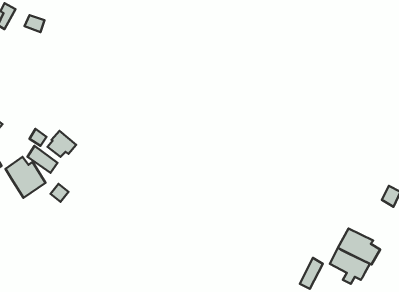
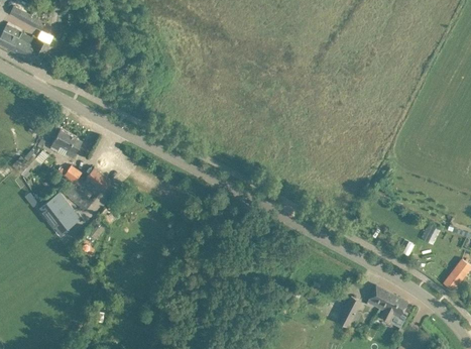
building: none -> [51,129,83,158]
building: [338,228,380,264] -> none

